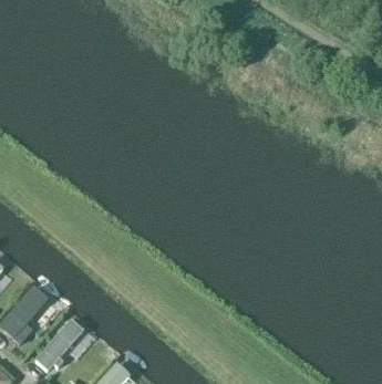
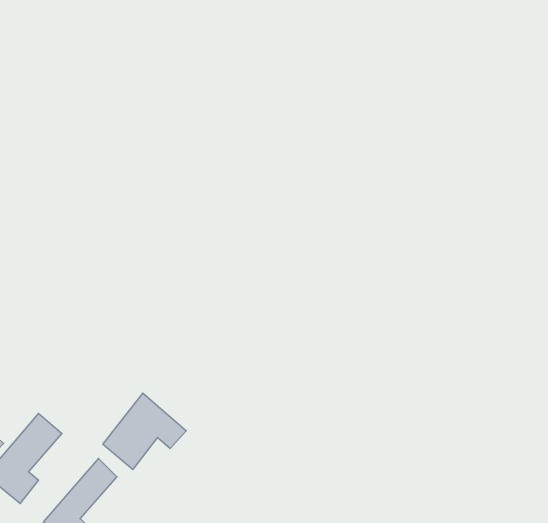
building: none -> [103,393,186,469]

